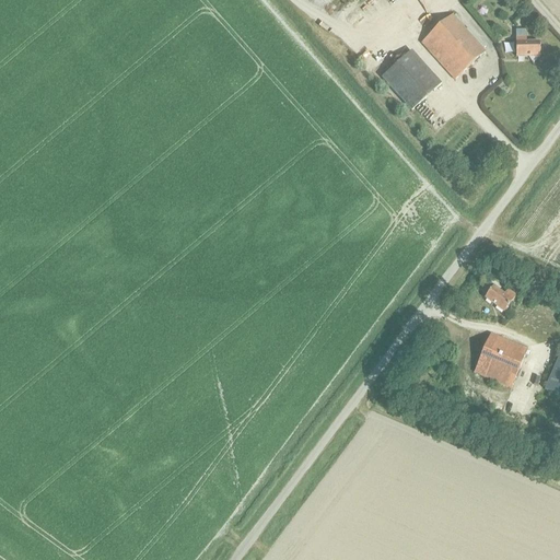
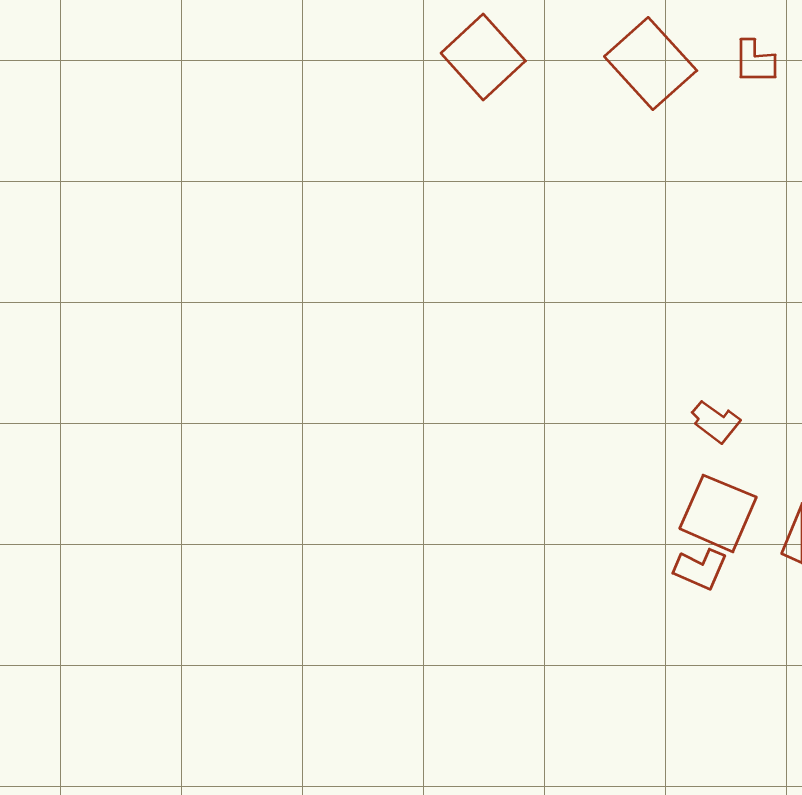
building: [382,48,441,108] -> [441,14,526,100]
building: none -> [673,549,725,589]

